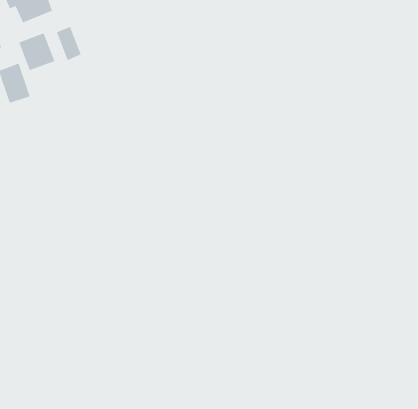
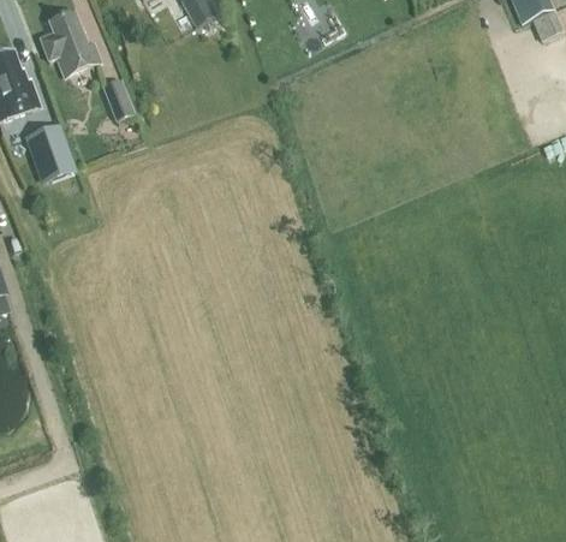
building: [19,32,55,71] -> none

